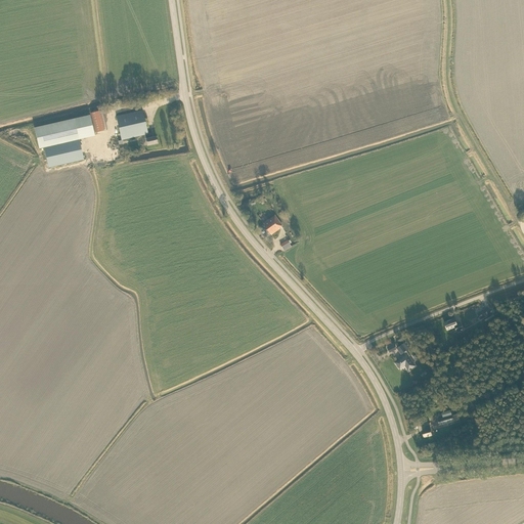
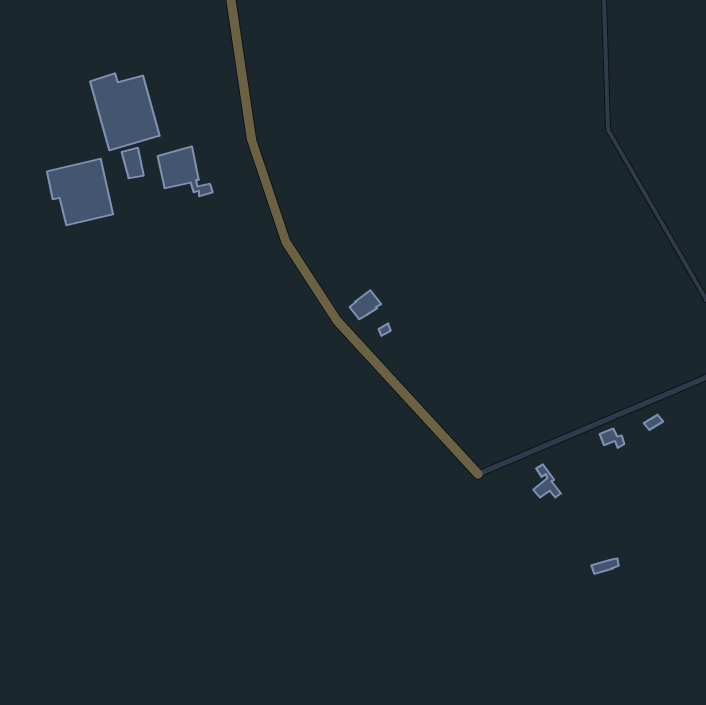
building: none -> [90,73,160,150]

